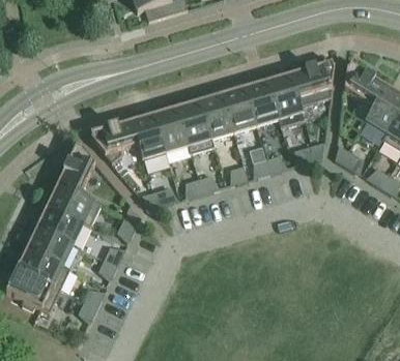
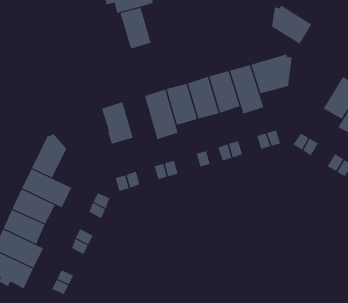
building: [344,65,388,120] -> [271,5,312,57]
building: [154,107,191,153] -> [120,7,154,51]
building: [91,120,139,162] -> none

